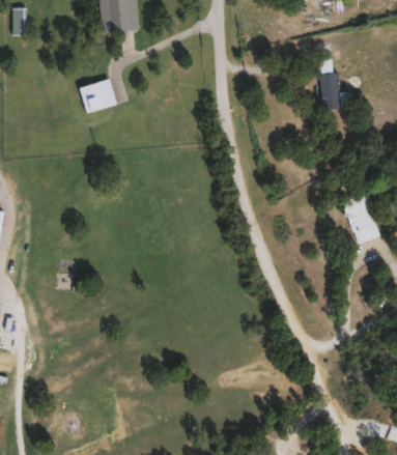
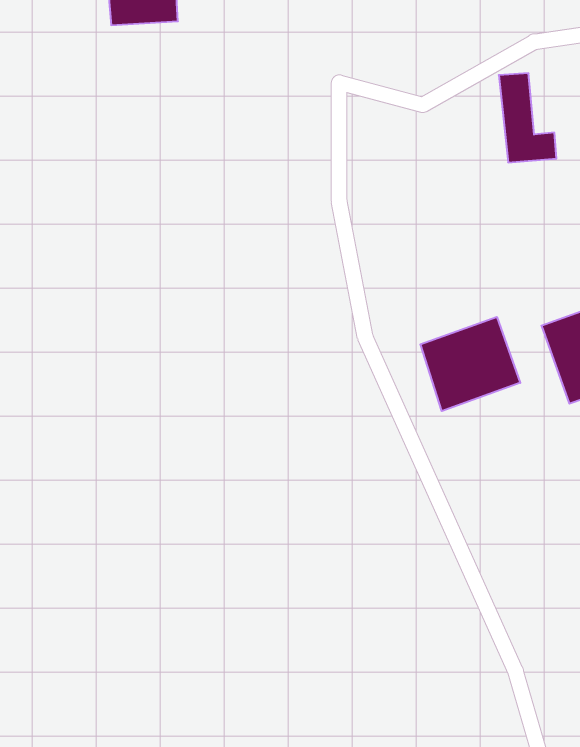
building: [78,80,116,114] -> none
building: none -> [420,317,520,411]

